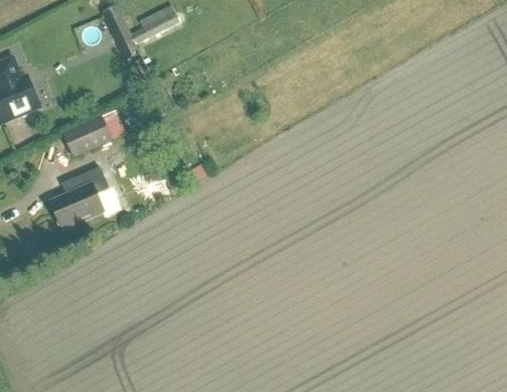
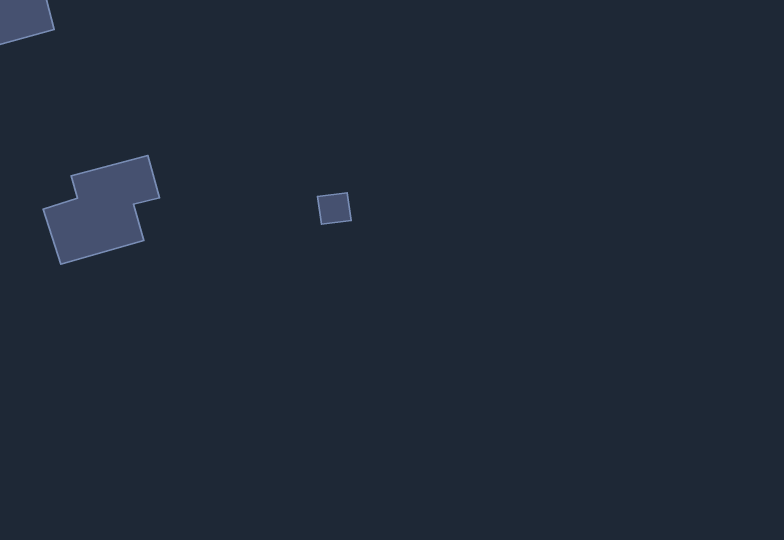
building: [61,109,125,156] -> none

